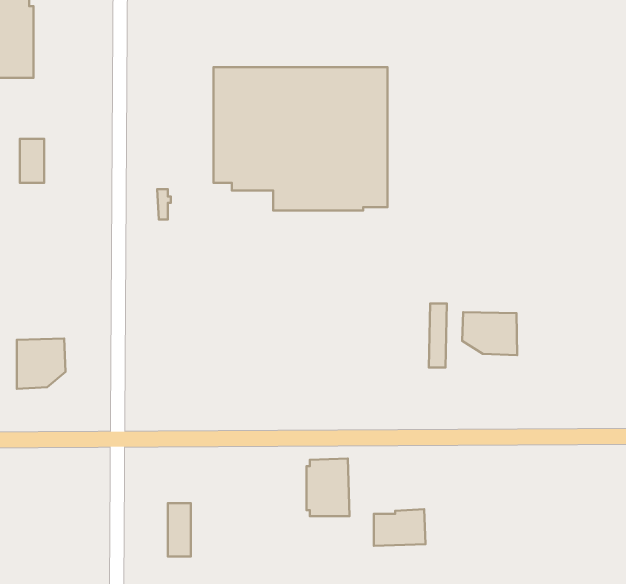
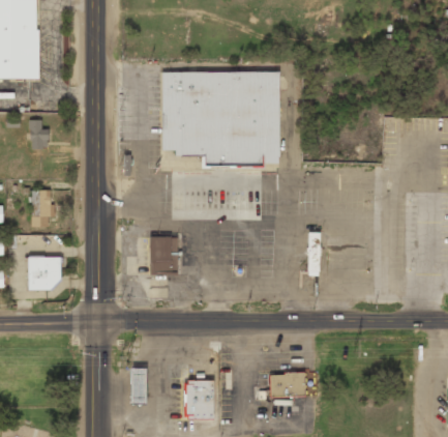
building: none -> [32,191,52,228]
building: none -> [149,236,178,274]
building: [462,312,517,355] -> none
building: [307,458,349,516] -> [185,379,214,418]

